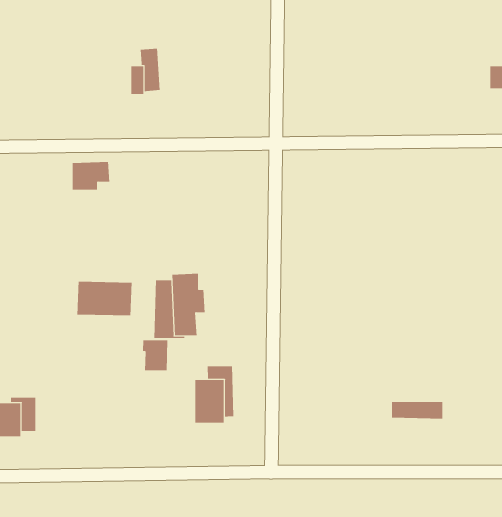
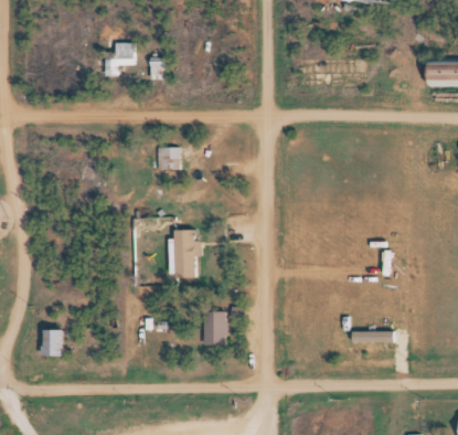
building: none -> [105,44,137,76]
building: [72,162,110,190] -> [160,147,191,170]
building: [77,281,132,316] -> none
building: [143,339,168,371] -> none

